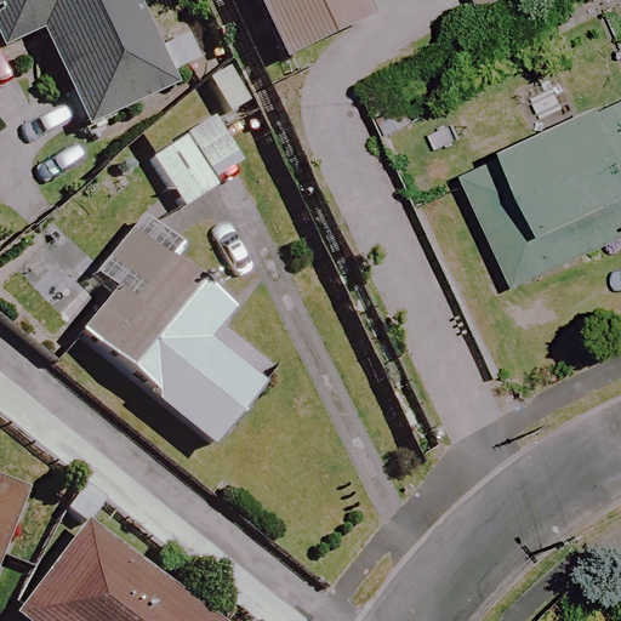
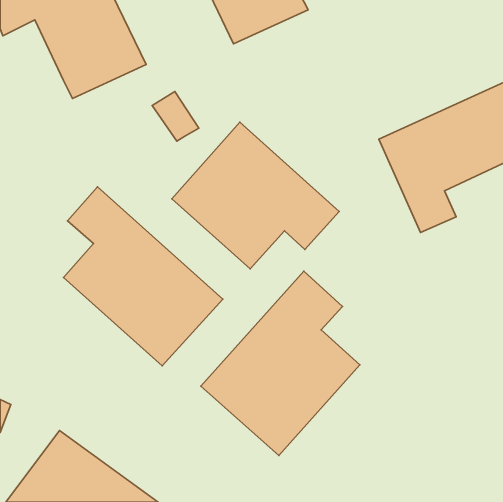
building: none -> [172,122,339,269]
building: none -> [201,271,360,455]

